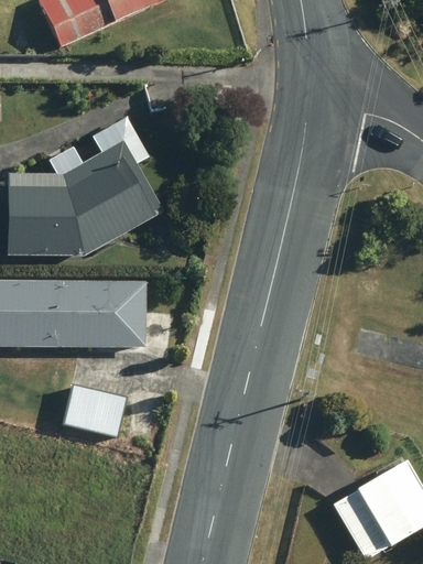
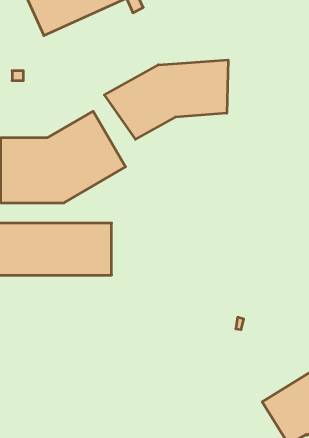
building: none -> [104,60,228,139]
building: [64,384,127,431] -> none

